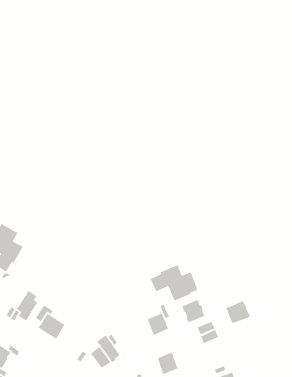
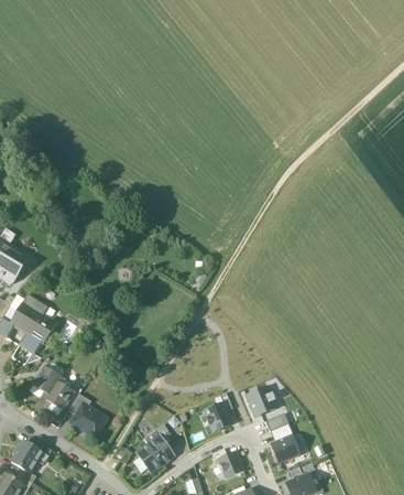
building: [150,264,199,301] -> none
building: none -> [32,366,63,395]
building: [226,300,251,324] -> [270,434,301,464]

